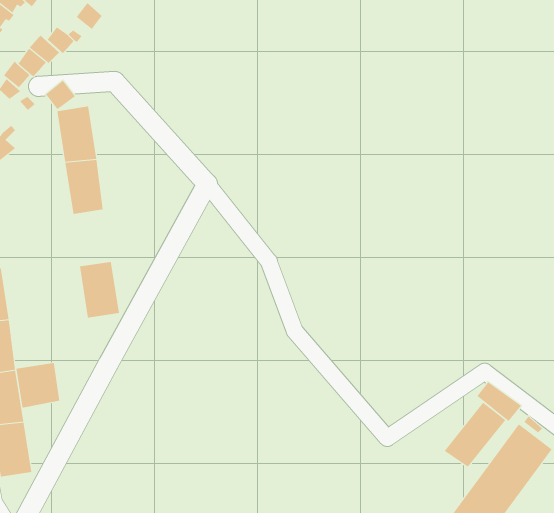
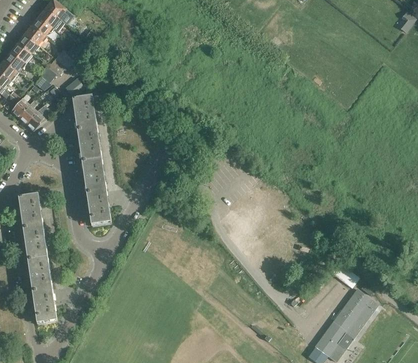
building: none -> [82,157,106,192]
building: [16,362,60,409] -> none
building: [444,402,506,468] -> none

